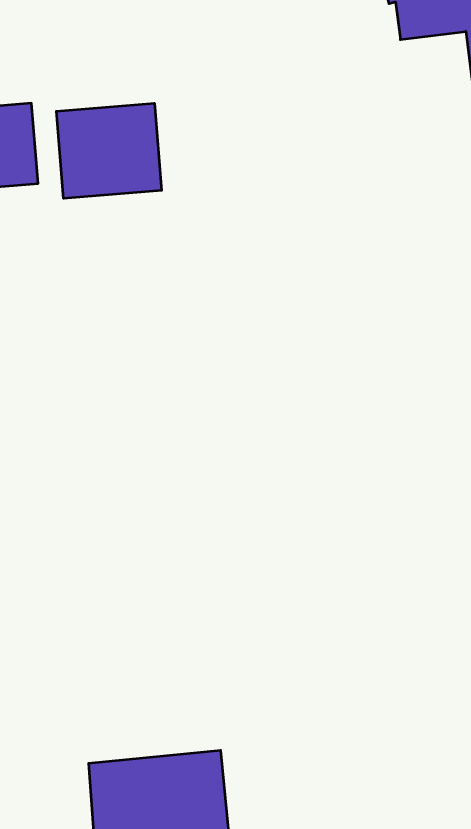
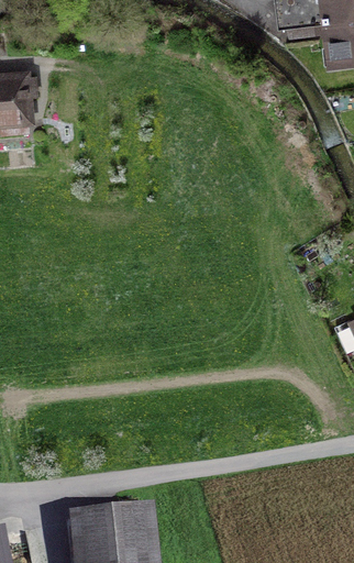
building: [56,103,162,198] -> none

